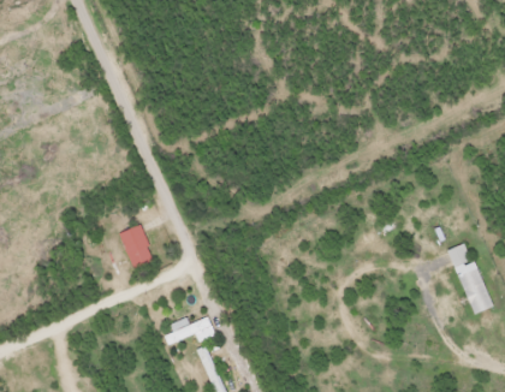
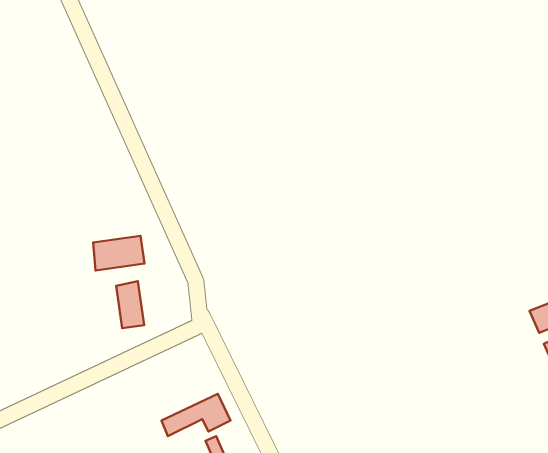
building: none -> [93,236,144,271]

